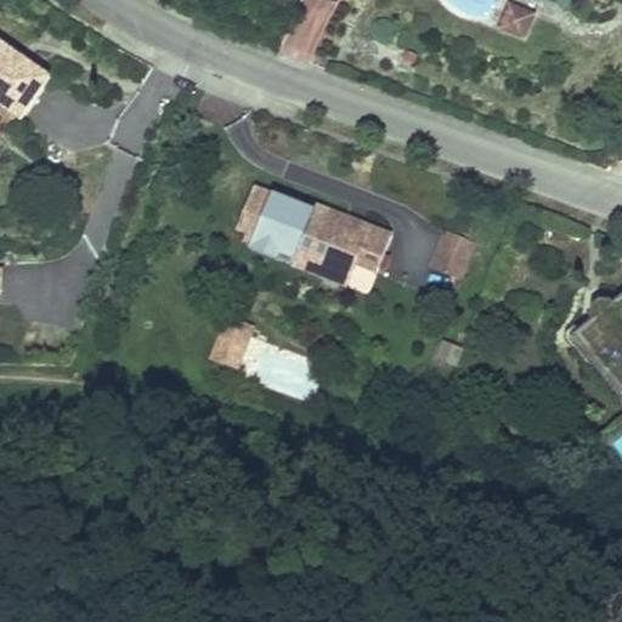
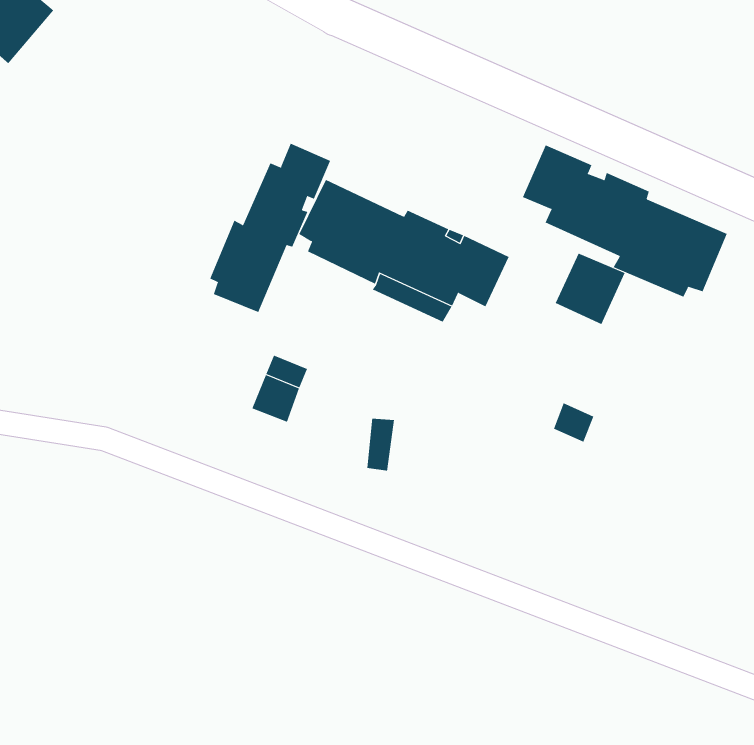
building: none -> [522,145,727,297]
building: none -> [210,143,331,313]

